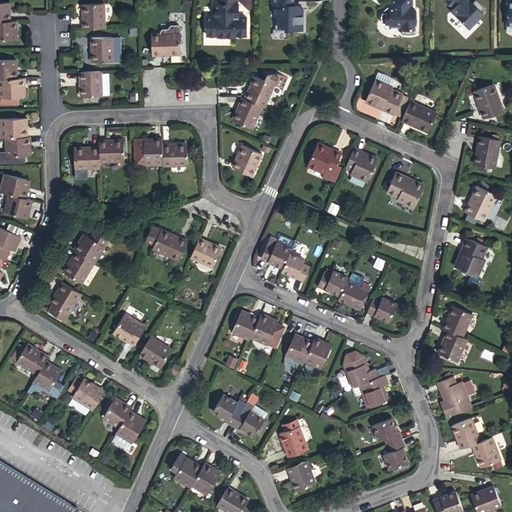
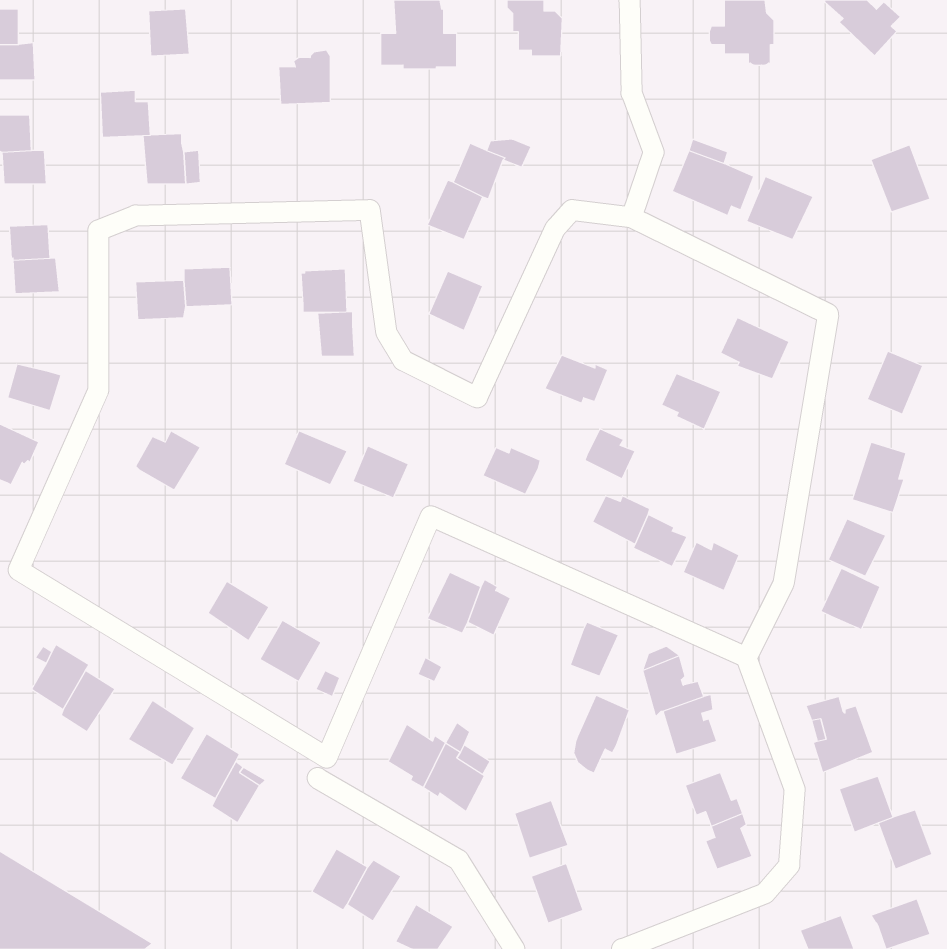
building: [89,38,116,63] -> [100,91,150,137]
building: [476,136,503,166] -> none
building: [143,140,163,164] -> [318,312,355,356]
building: [306,144,340,170] -> [545,355,608,403]
building: [345,147,377,177] -> [661,373,721,429]
building: [4,176,32,200] -> none
building: [282,252,309,279] -> [585,429,635,479]
building: [62,253,94,286] -> none
building: [48,283,79,317] -> none
building: [284,331,314,373] -> [574,695,629,773]
building: [438,332,469,363] -> [828,519,886,576]

